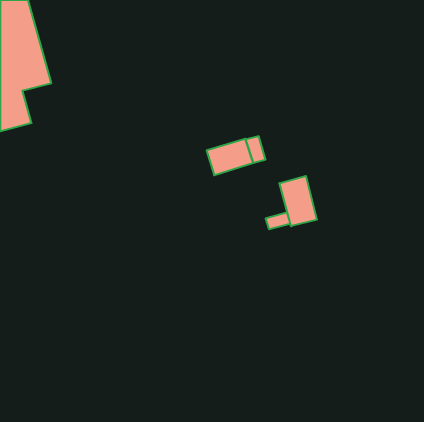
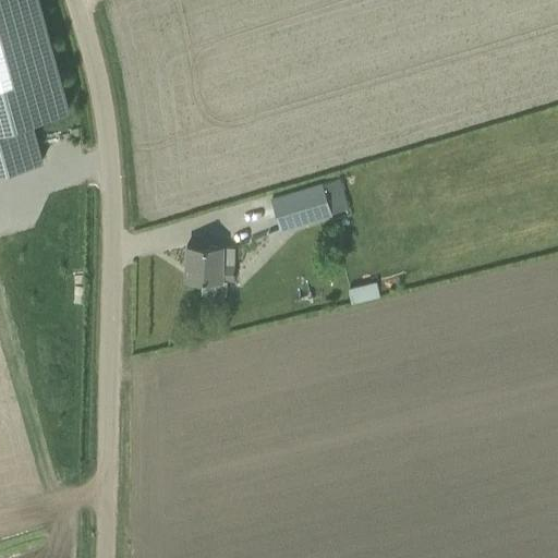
building: [279,176,317,226] -> none
building: none -> [186,248,234,283]

